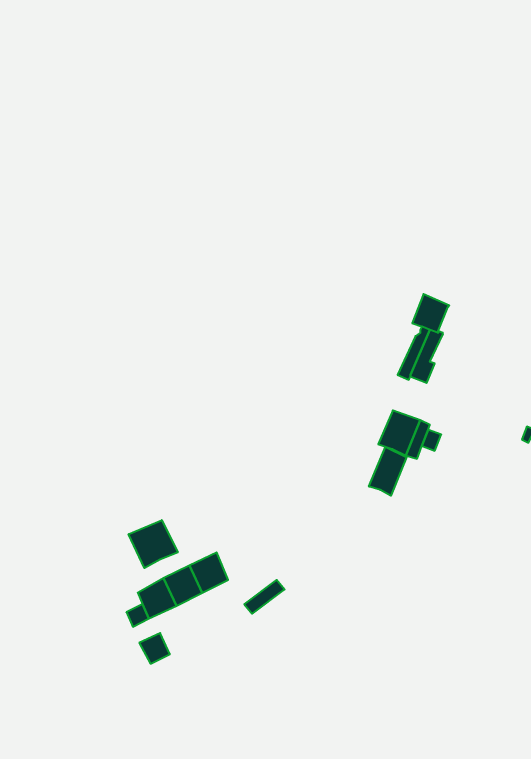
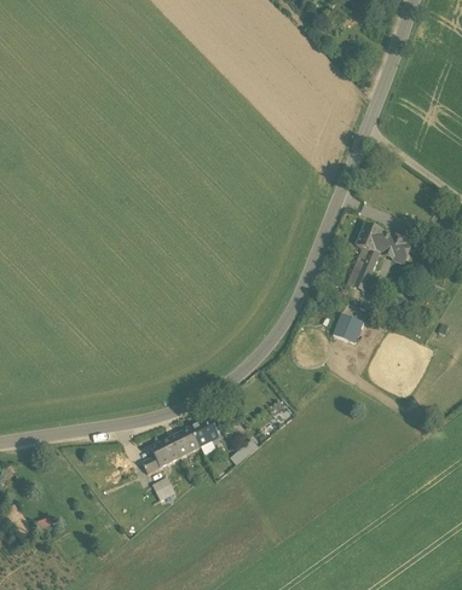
building: none -> [375,232,408,261]
building: [369,447,406,496] -> none
building: [129,520,178,568] -> none

